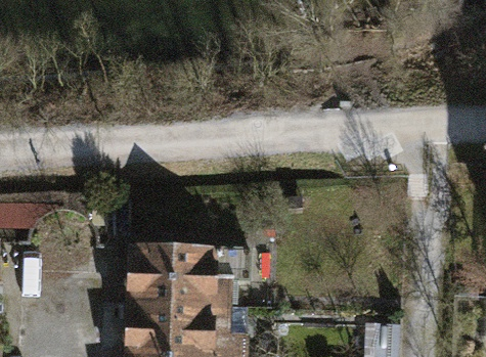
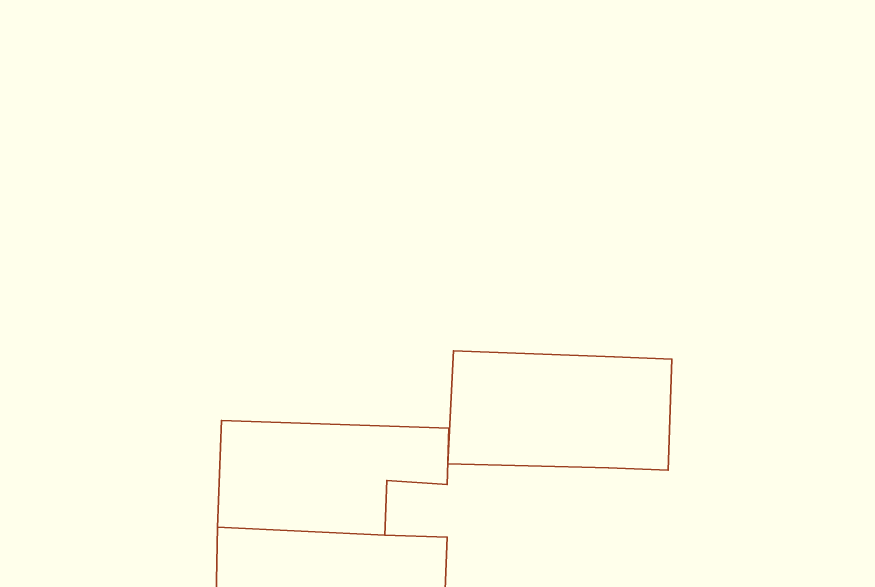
building: none -> [448,351,672,470]

